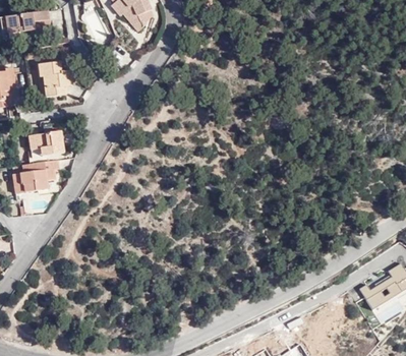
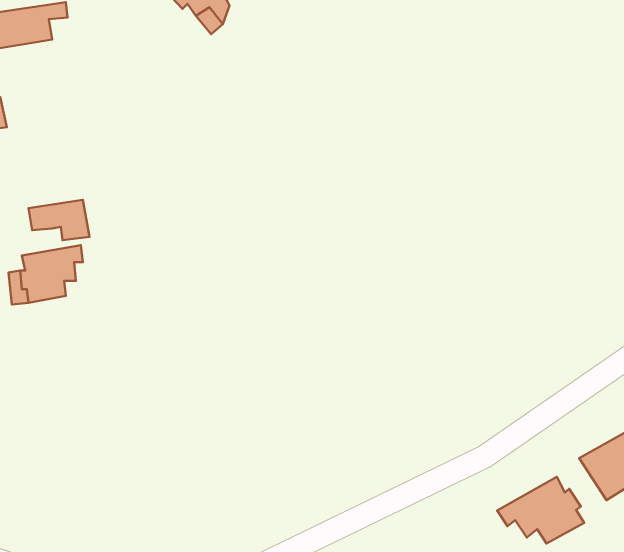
building: [36,61,70,97] -> none
building: none -> [497,477,584,544]

